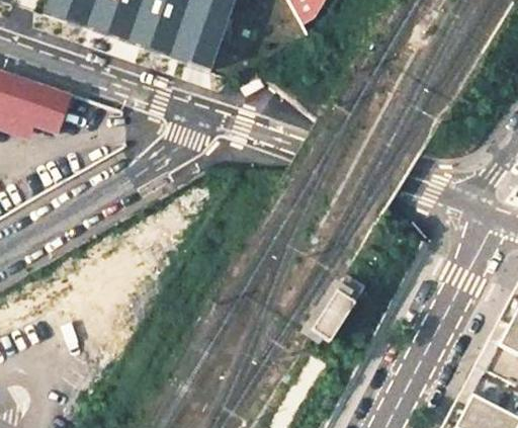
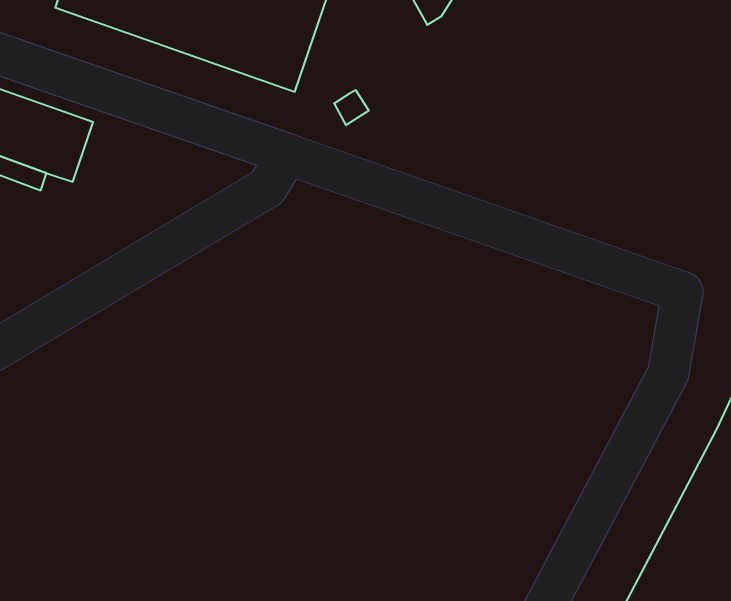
building: [312,275,365,342] -> none

